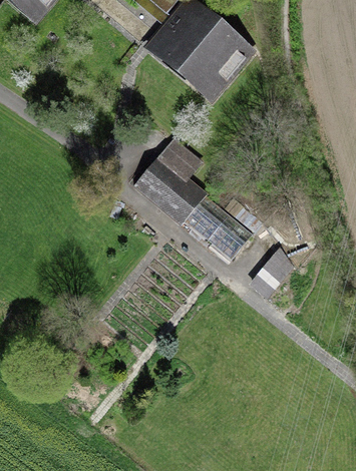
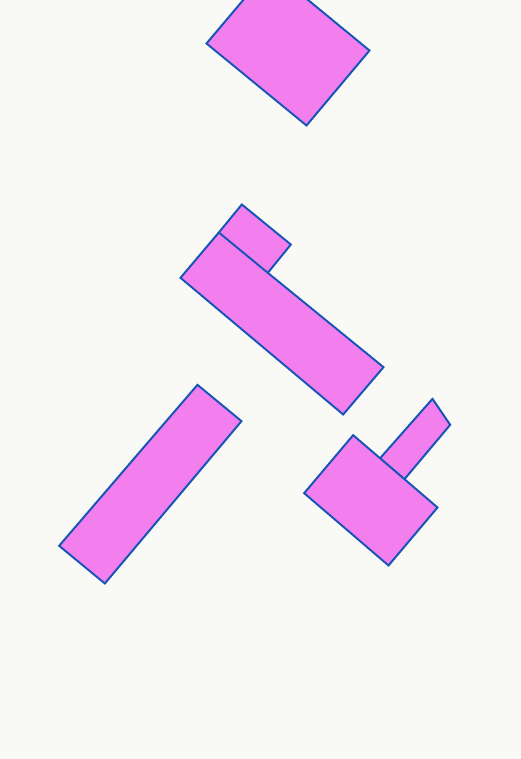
building: none -> [59,385,241,584]
building: none -> [304,435,438,565]

